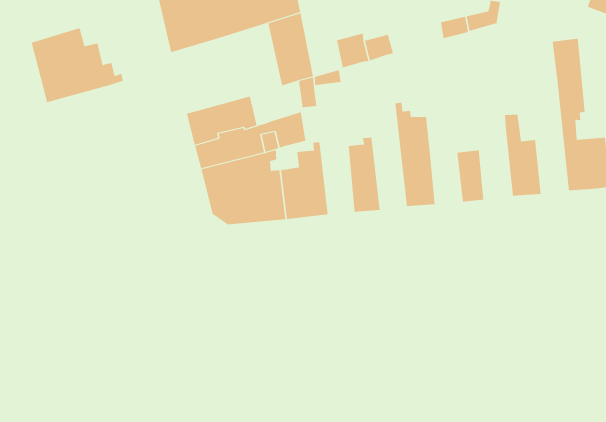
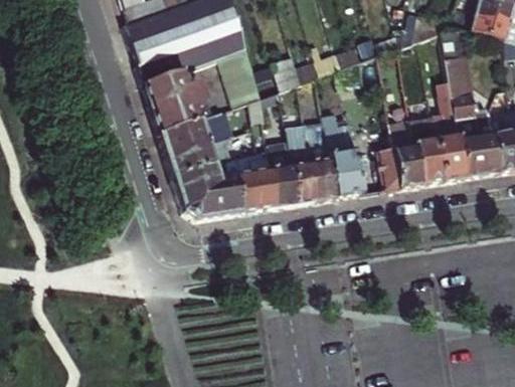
building: [31,28,124,103] -> [145,70,220,132]
building: none -> [435,89,467,179]
building: none -> [304,113,339,199]
building: none -> [391,127,422,186]
building: none -> [268,147,298,205]
building: none -> [356,150,383,192]

